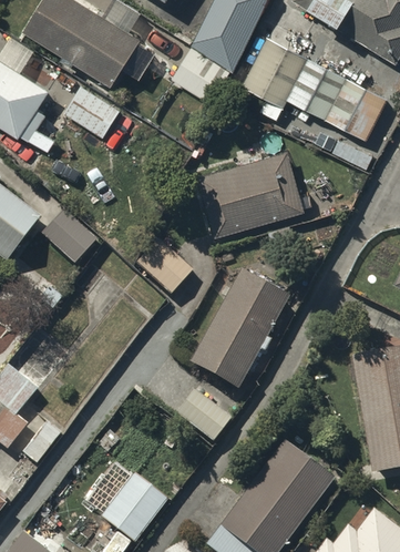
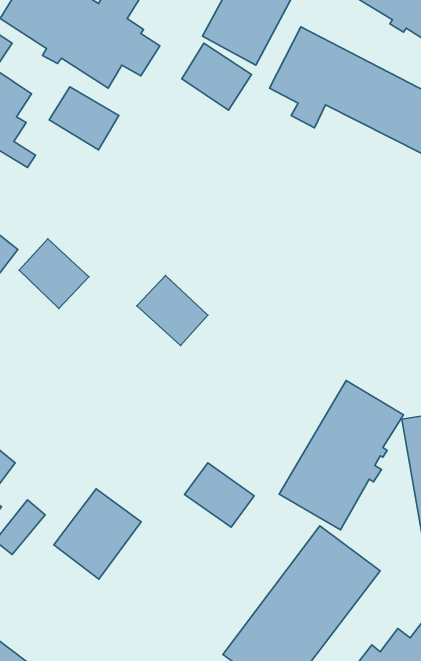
building: [197,152,306,237] -> none
building: [187,269,288,390] -> [279,381,403,530]
building: [100,472,171,545] -> [54,489,141,579]

